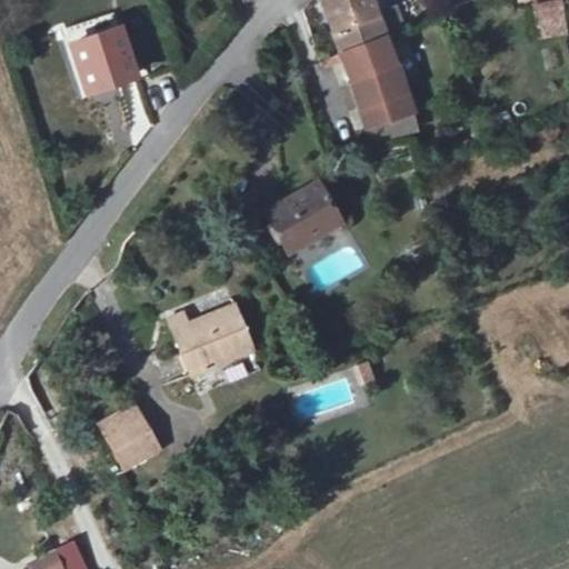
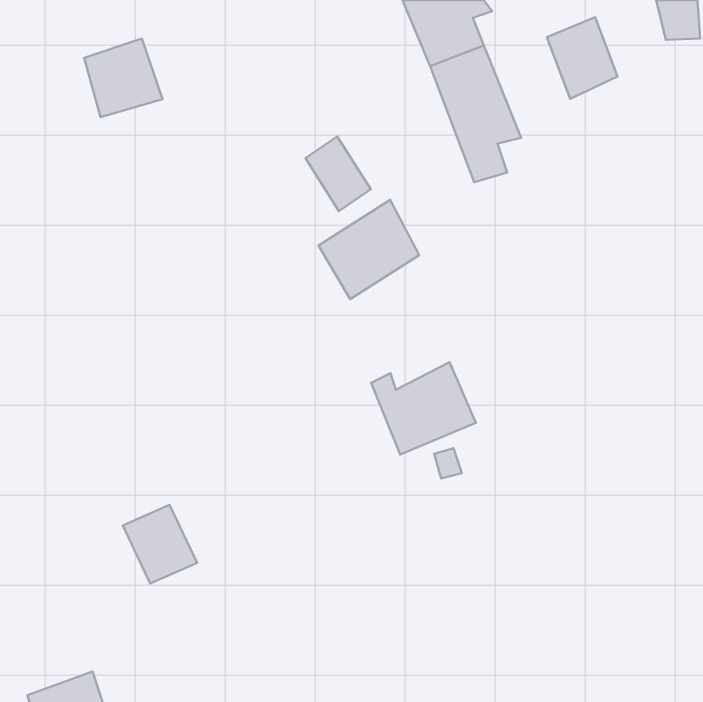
building: none -> [547,17,618,99]
building: none -> [305,136,371,211]
building: [171,301,256,376] -> [371,362,476,455]

